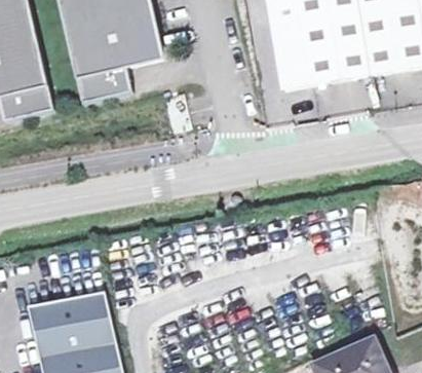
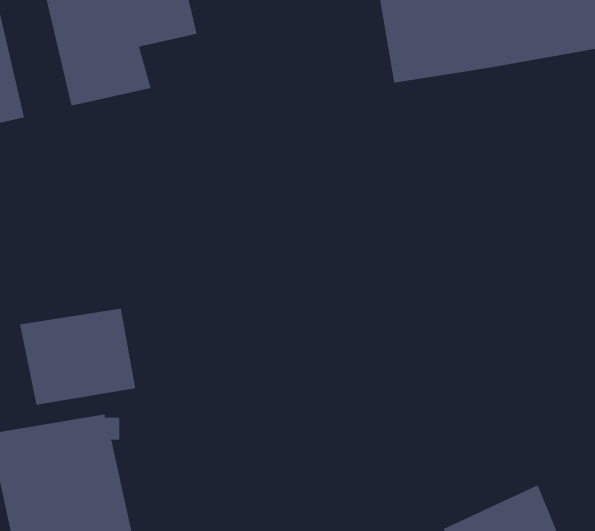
building: none -> [19,308,136,406]

